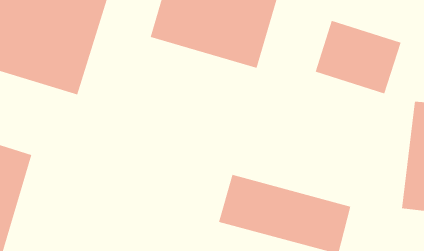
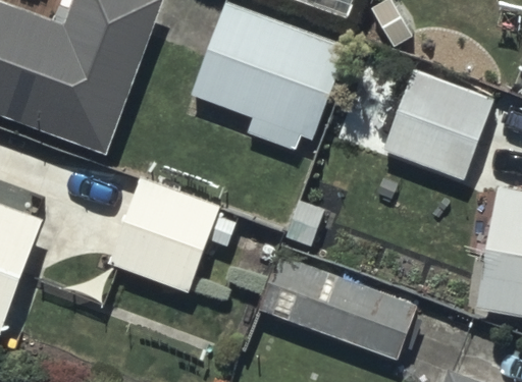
building: none -> [108,177,219,291]

